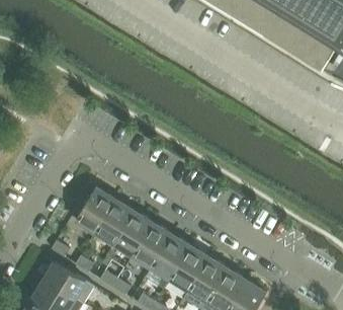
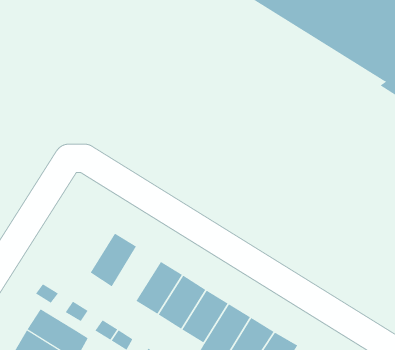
building: [74,187,113,232] -> none
building: [111,211,151,255] -> none

